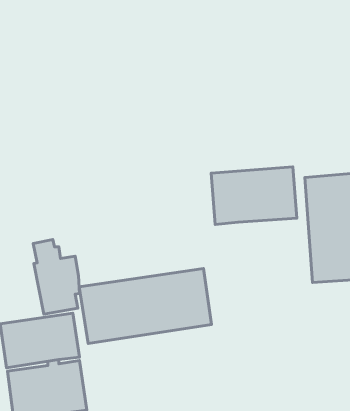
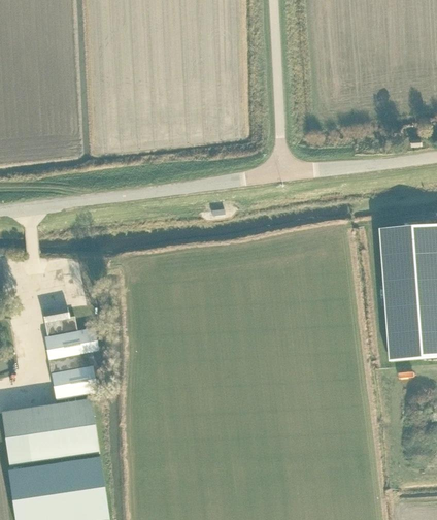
building: [211,167,297,225] -> none
building: [79,268,212,344] -> none

